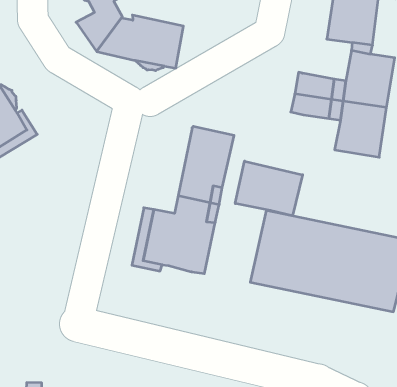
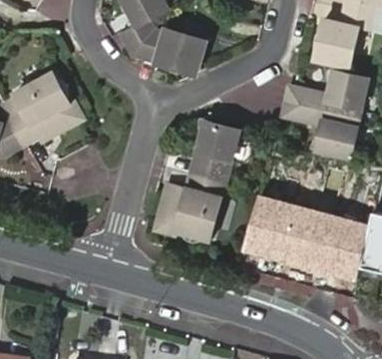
building: [235,161,303,216] -> none

